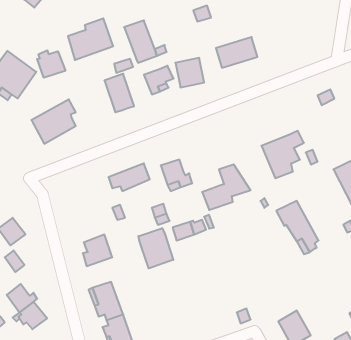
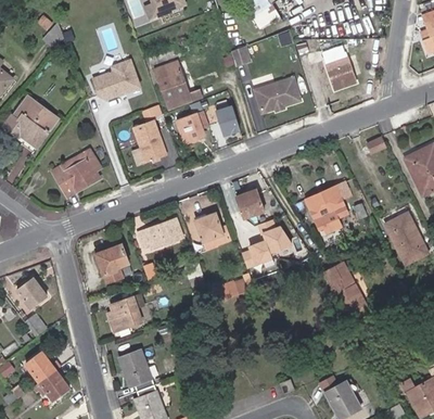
building: none -> [324,56,353,88]
building: [37,50,65,78] -> none
building: none -> [235,191,263,218]
building: none -> [94,244,127,283]
building: [138,228,173,268] -> none

